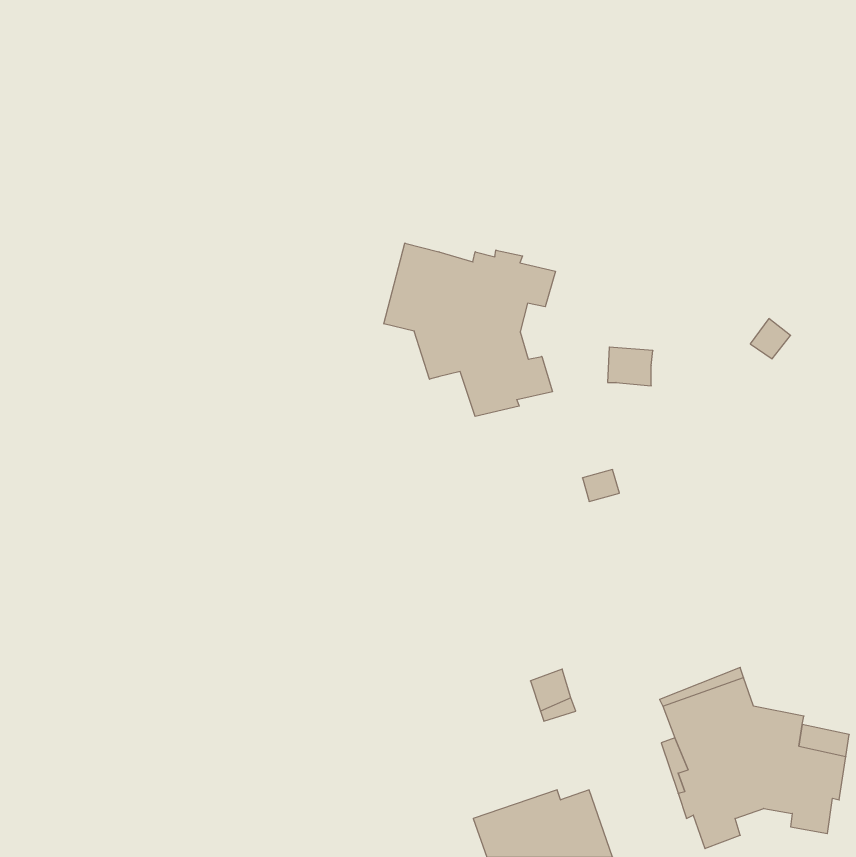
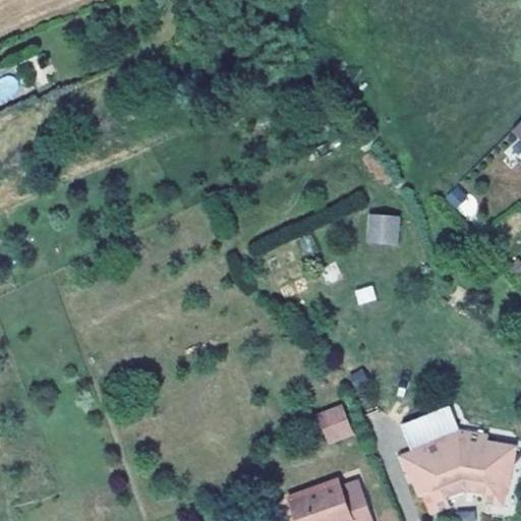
building: [384,243,555,416] -> none

